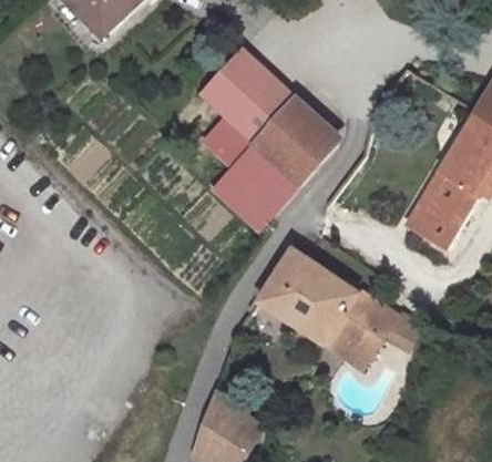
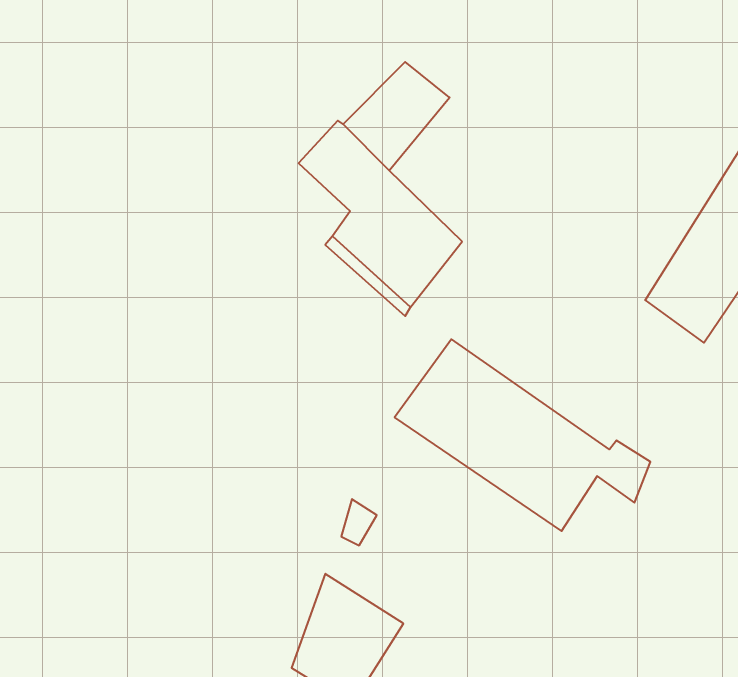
building: [196,52,260,114] -> none
building: [250,97,337,187] -> none

